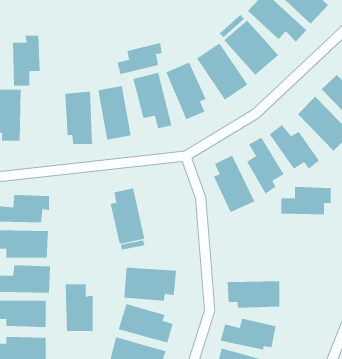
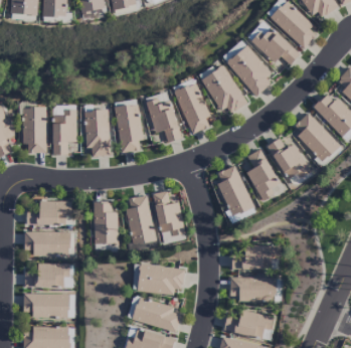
building: [12,35,40,86] -> [51,110,76,155]
building: [117,42,162,75] -> none
building: none -> [151,190,185,235]
building: [281,187,332,215] -> [231,244,277,270]
building: [65,284,93,331] -> [93,201,118,243]

